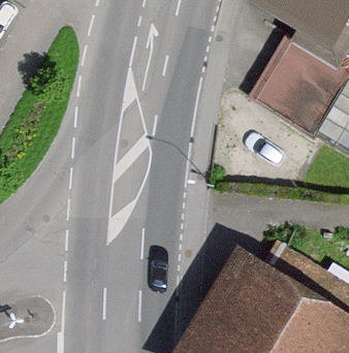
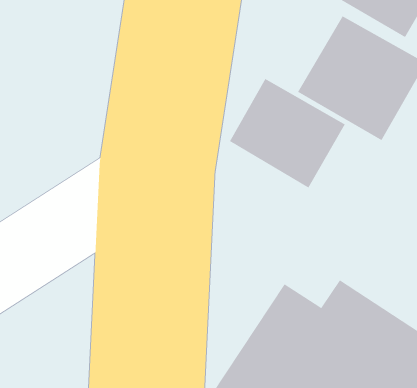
building: none -> [229,78,345,188]

